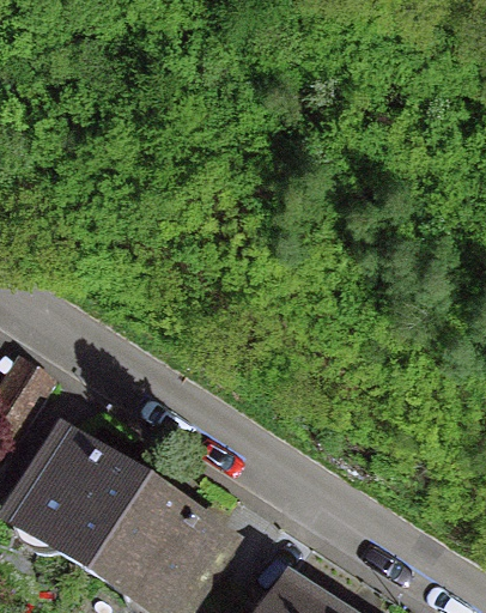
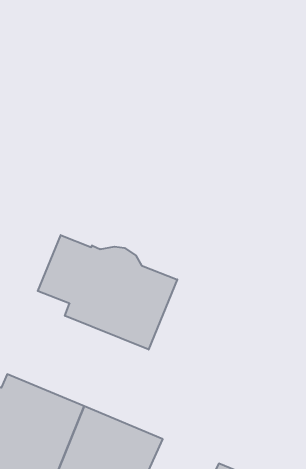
building: none -> [38,235,177,350]

